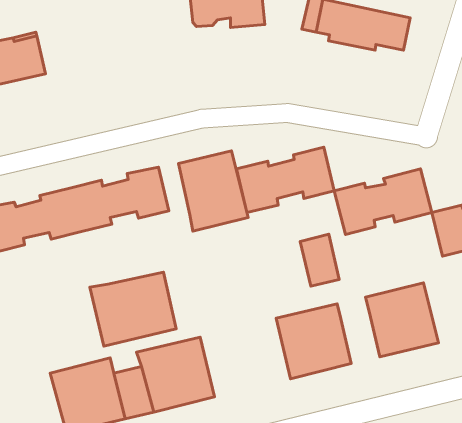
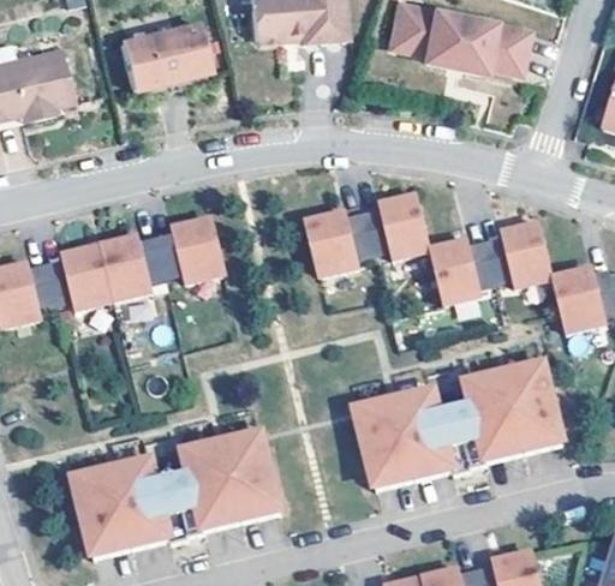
building: none -> [115,22,207,89]
building: [178,151,248,231] -> none
building: [300,234,339,286] -> [437,401,486,467]
building: [90,272,176,346] -> none

